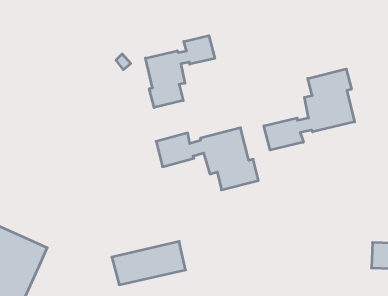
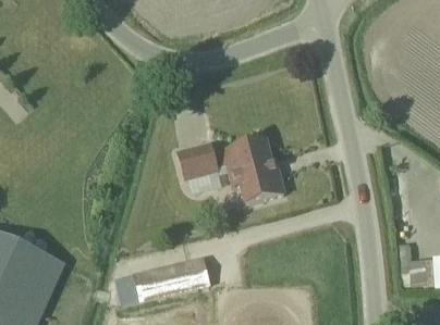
building: [145,36,215,108] -> none
building: [264,69,355,150] -> none

